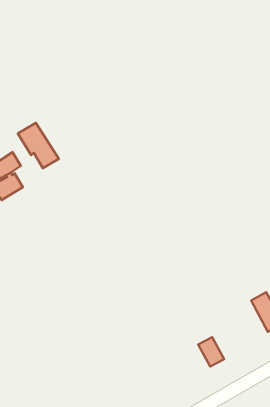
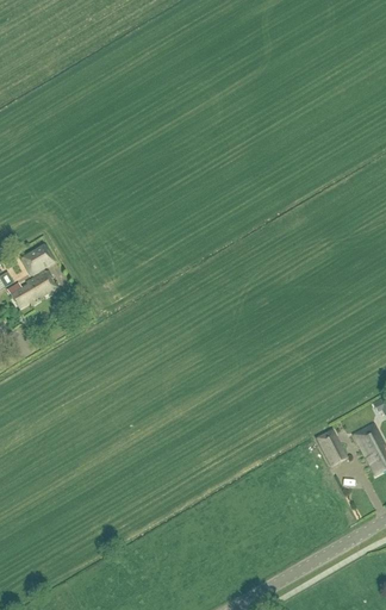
building: [18,123,59,168] -> none
building: [198,337,224,367] -> [315,428,348,466]

